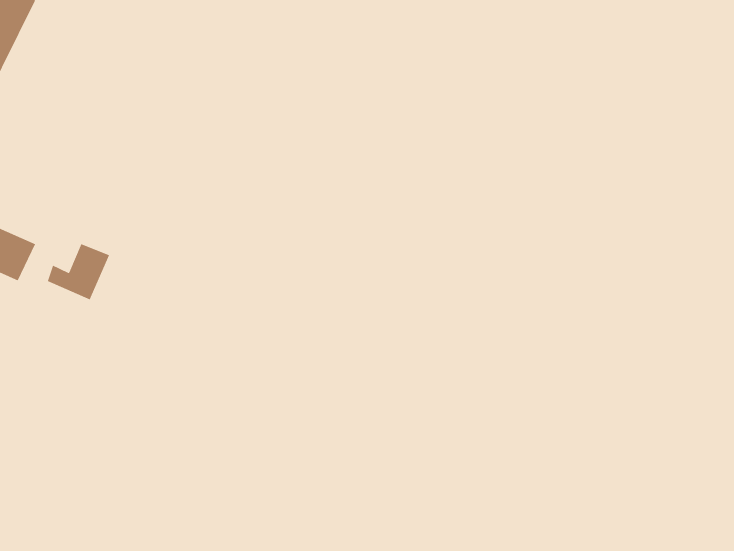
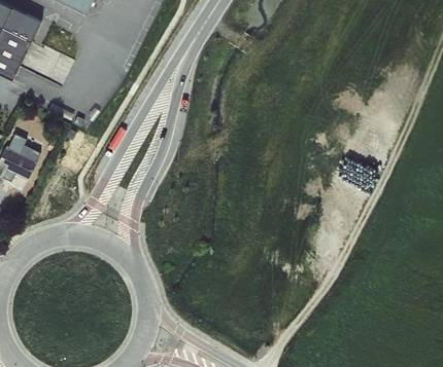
building: [47,243,110,301] -> none

